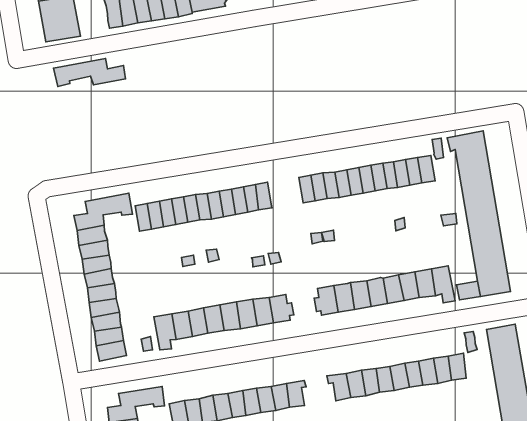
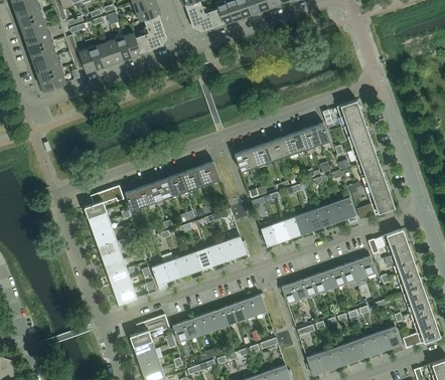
building: [54,58,126,87] -> none

